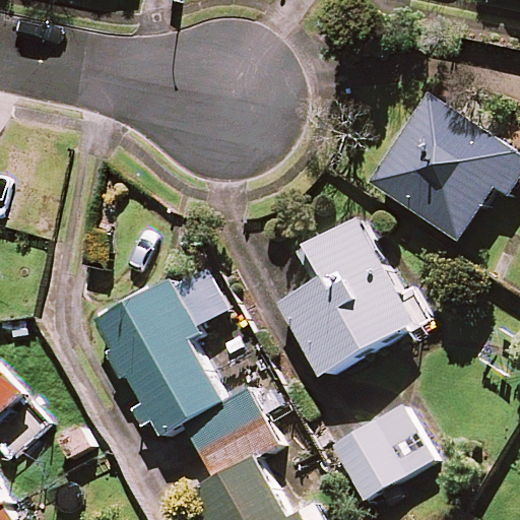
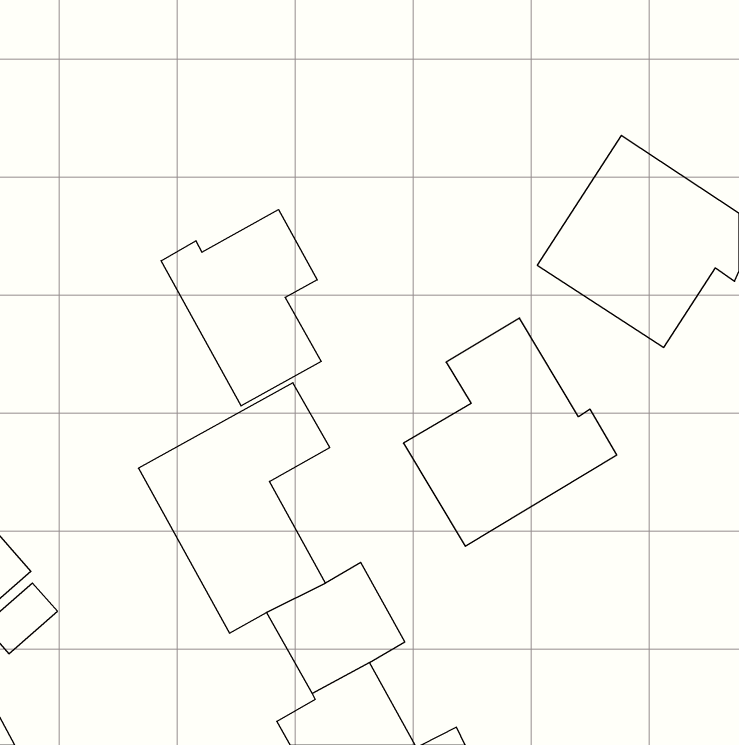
building: none -> [161,210,321,406]
building: [332,404,433,498] -> none

